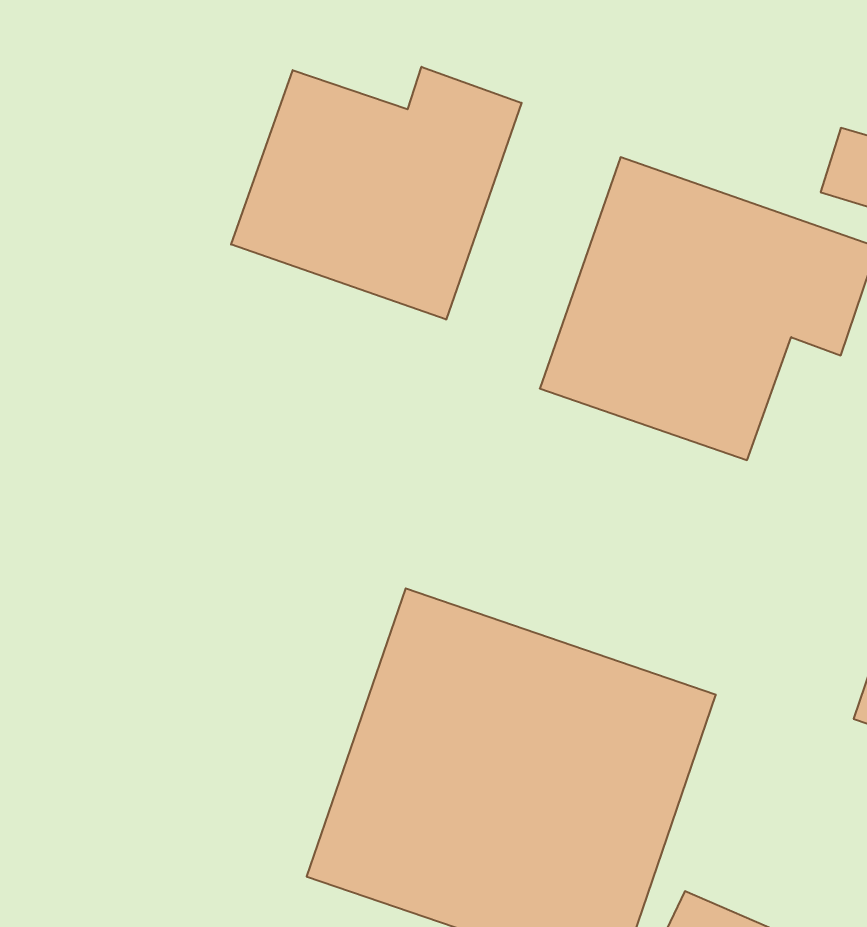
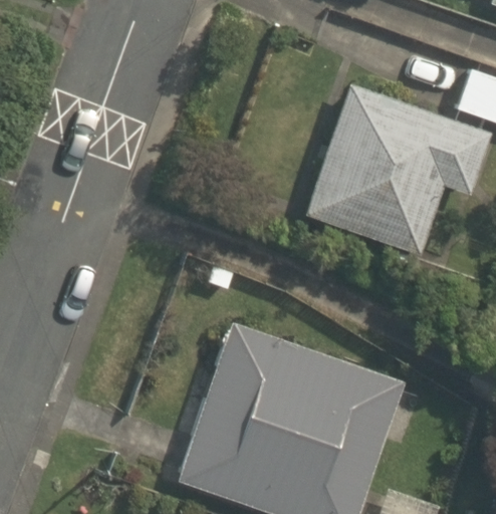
building: [231,67,522,320] -> none

